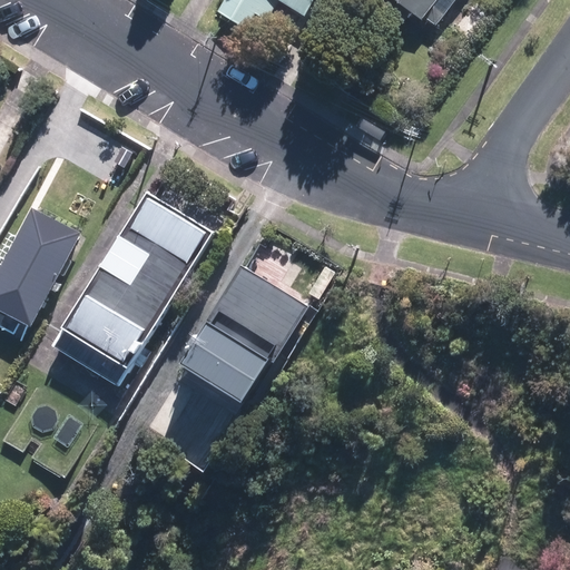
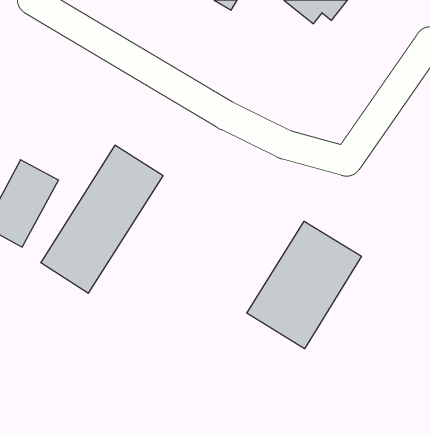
building: [185,269,302,402] -> none
building: none -> [247,221,361,349]

